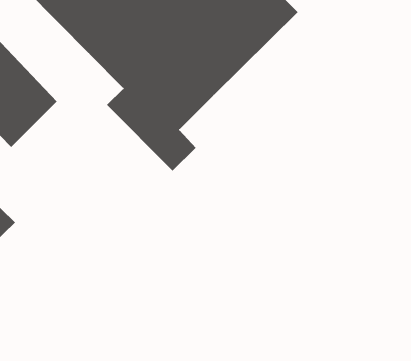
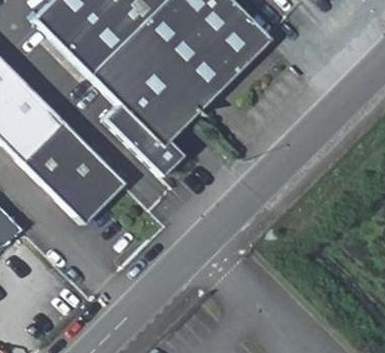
building: none -> [19,117,121,218]

